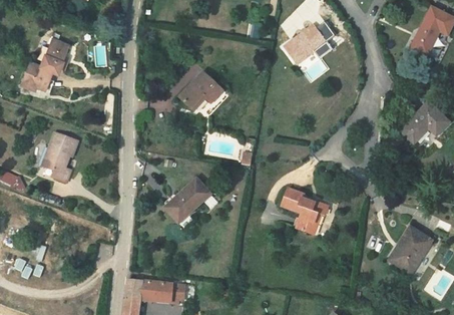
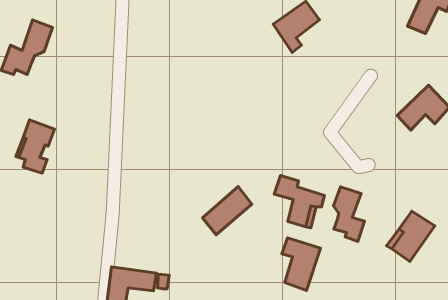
building: [176,72,221,110] -> none
building: [159,179,206,225] -> [203,186,252,235]
building: none -> [334,187,364,241]
building: none -> [282,238,321,290]

